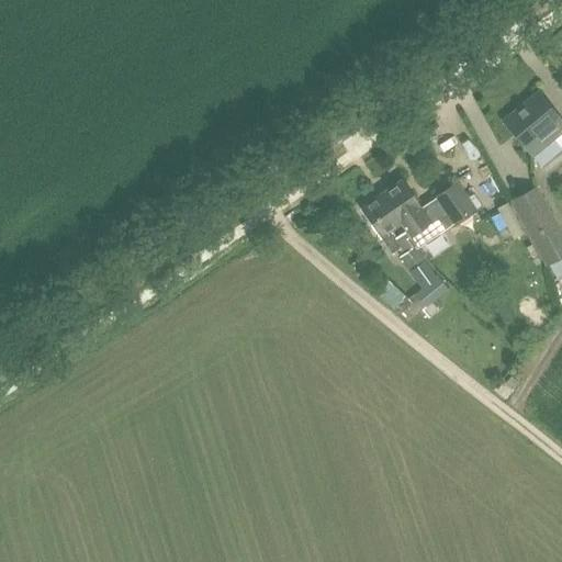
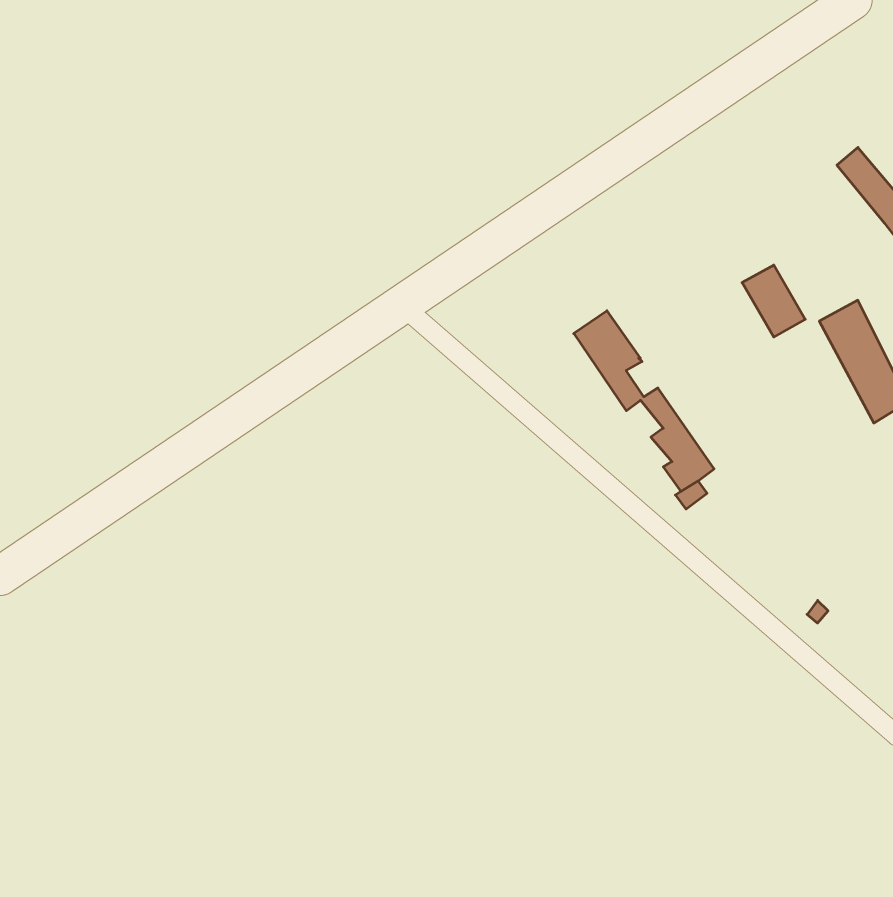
building: [504,103,555,157] -> none
building: [382,180,432,235] -> none
building: [436,183,475,225] -> none

